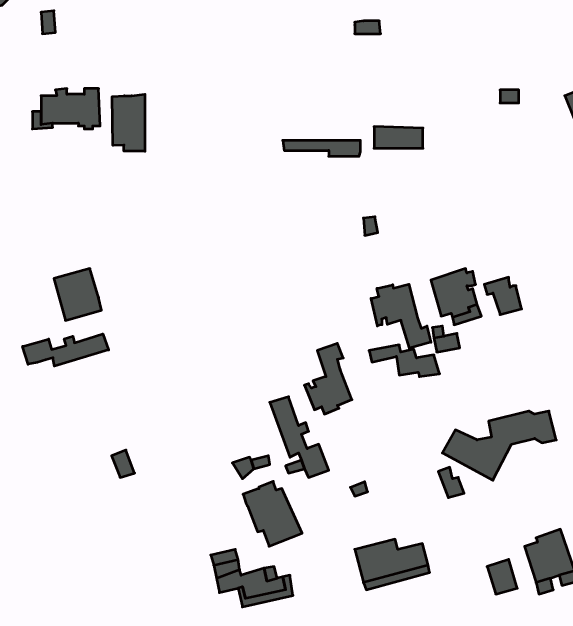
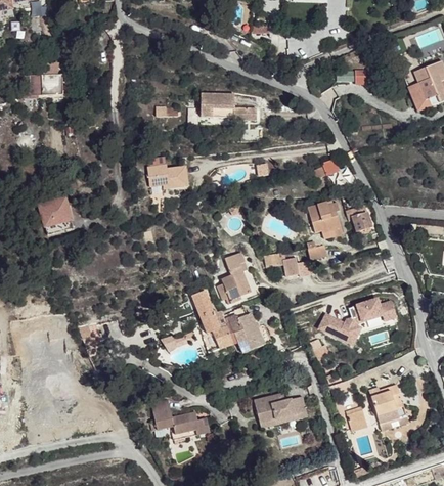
building: [112,94,145,151] -> none
building: [374,127,423,148] -> [202,92,236,107]
building: none -> [144,164,186,187]
building: [371,284,431,348] -> none
building: [23,334,109,366] -> none
building: [243,481,302,546] -> [224,306,266,352]

